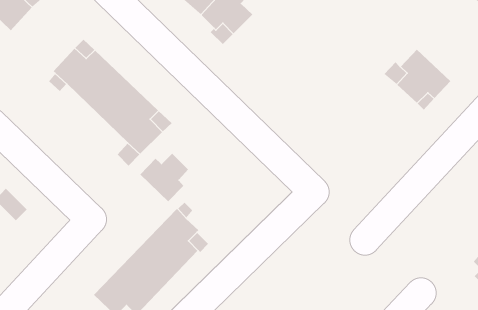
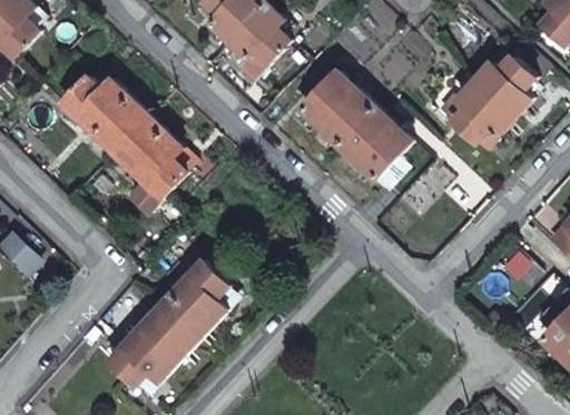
building: none -> [475,56,534,116]
building: none -> [299,70,411,179]
building: [140,153,189,202] -> none

